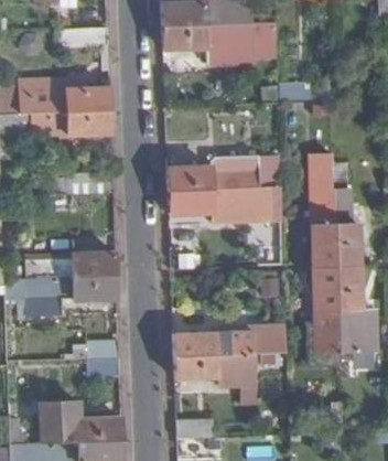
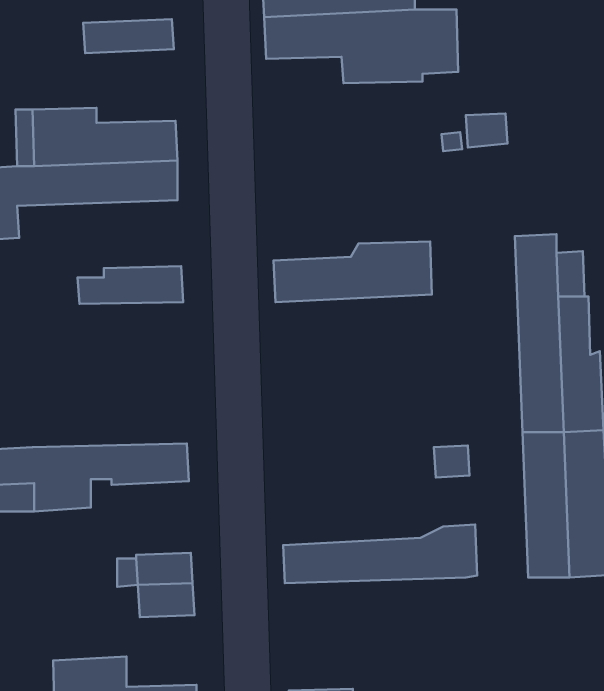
building: [169,189,274,215] -> none
building: [25,251,117,278] -> none
building: [174,354,281,390] -> none

